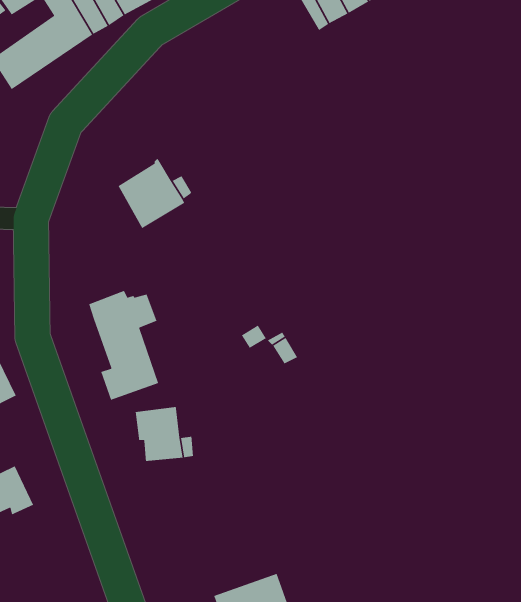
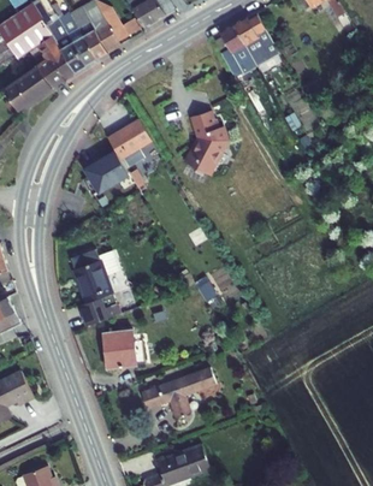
building: none -> [184,111,226,174]
building: none -> [108,119,152,166]
building: none -> [142,368,217,417]

